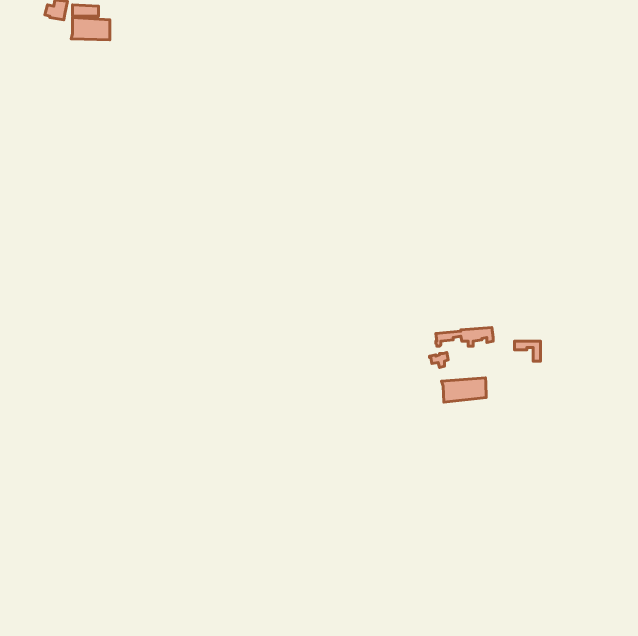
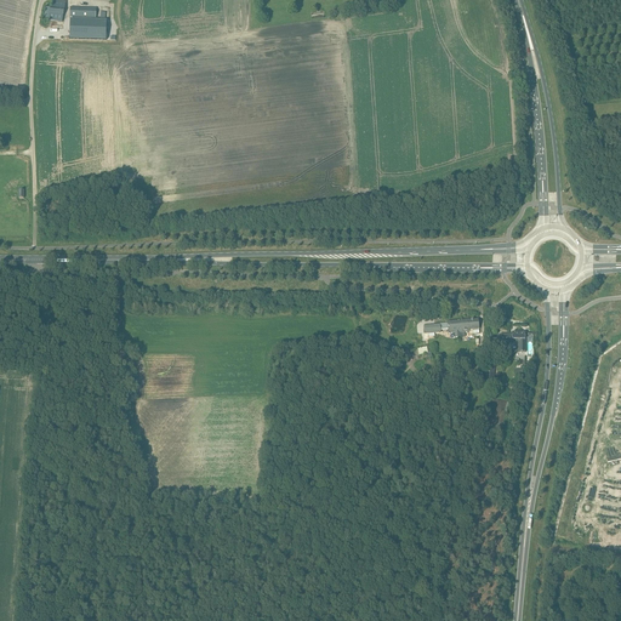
building: [442,378,486,402] -> none

